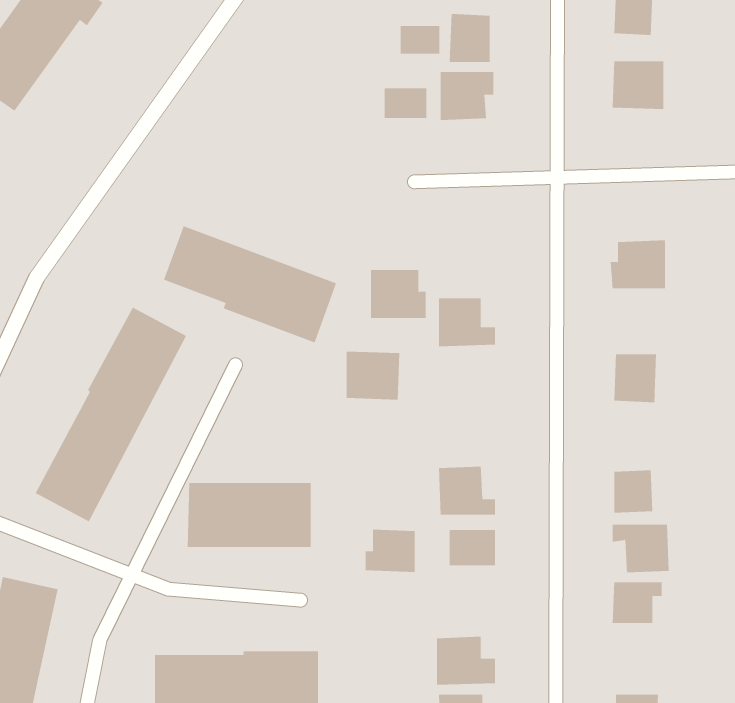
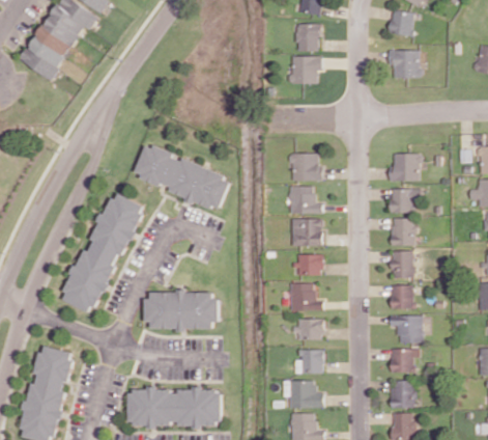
building: [400,25,440,55] -> none
building: [384,87,427,119] -> none
building: [370,270,426,318] -> [291,153,323,181]
building: none -> [391,188,421,213]
building: [346,351,400,400] -> [292,218,323,246]
building: none -> [391,250,413,278]
building: none -> [298,254,323,275]
building: [365,529,416,572] -> [294,349,323,374]
building: none -> [391,380,415,408]

